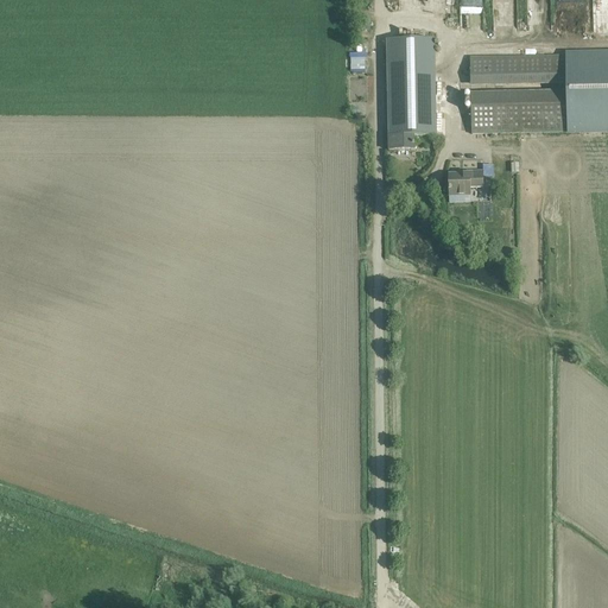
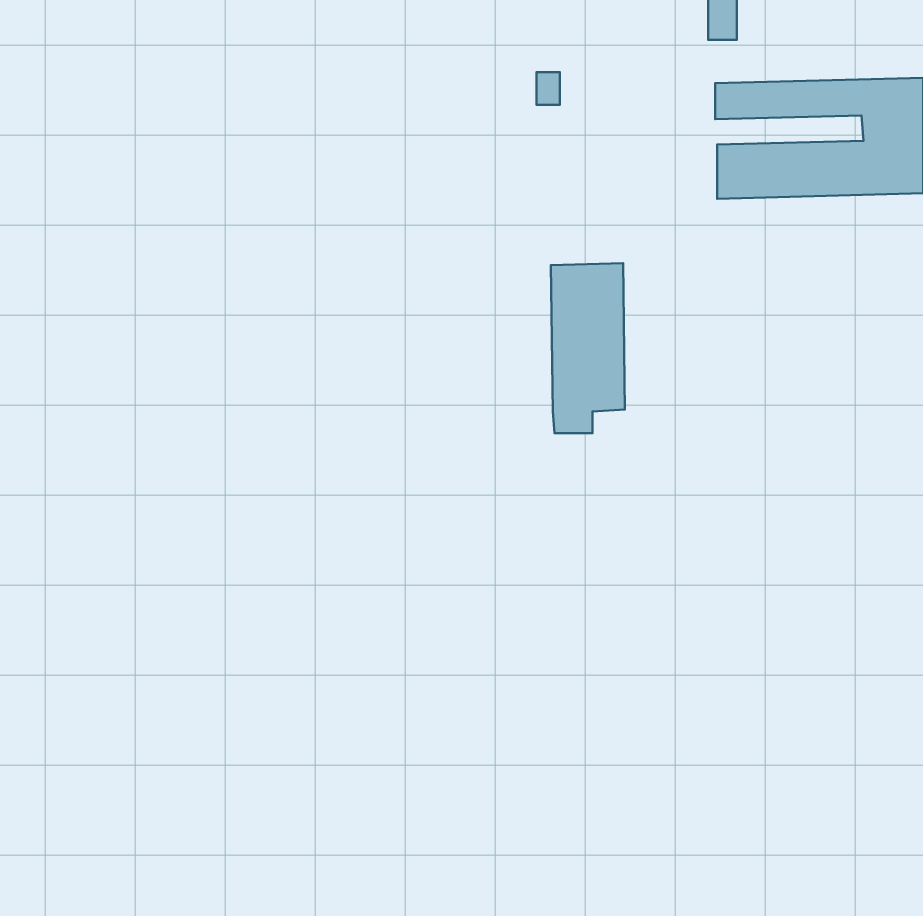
building: [387,36,436,147] -> [551,263,625,433]
building: [449,169,483,194] -> none

